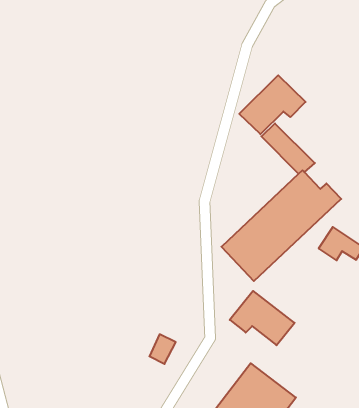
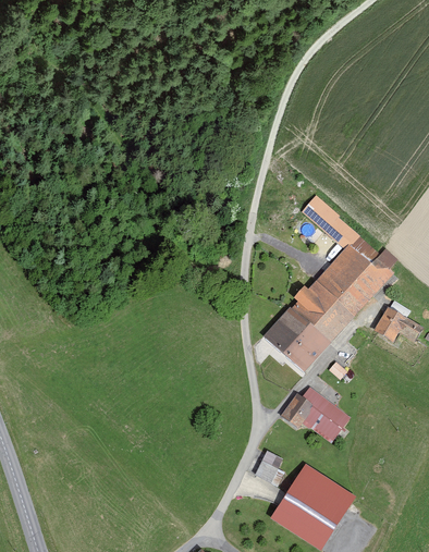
building: [239,75,306,134] -> none
building: [149,334,176,364] -> [256,450,284,482]

